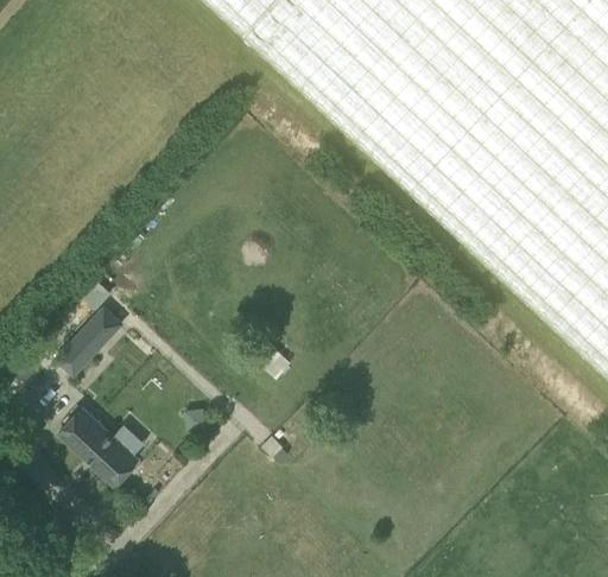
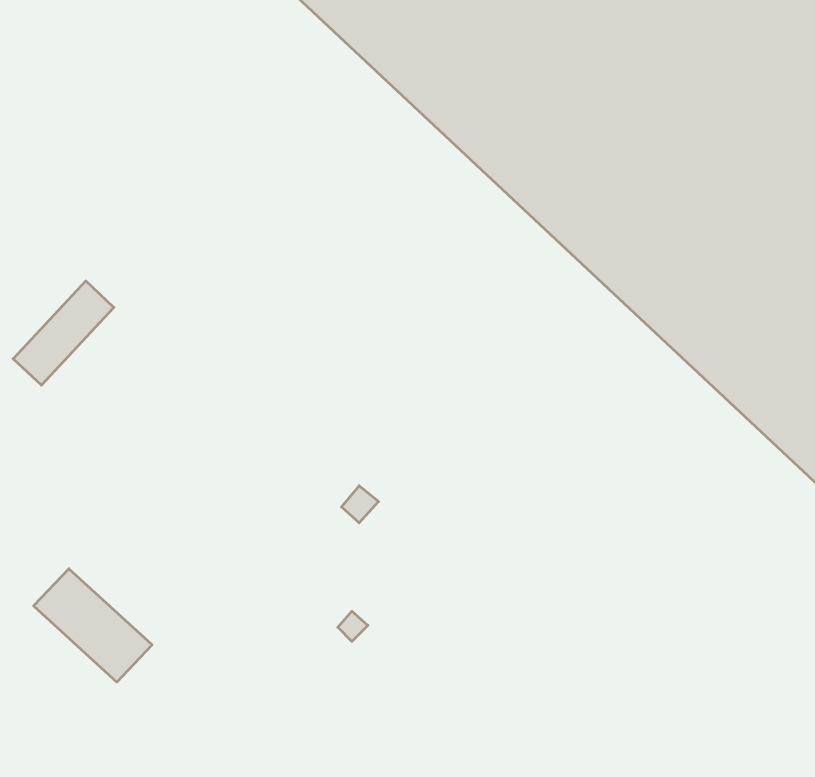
building: [56,305,124,375] -> [13,281,114,385]

